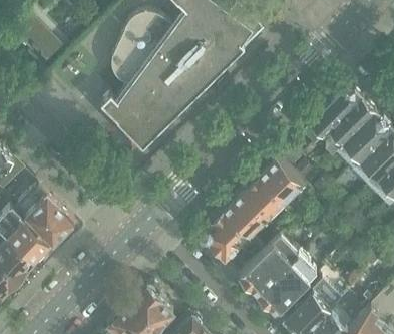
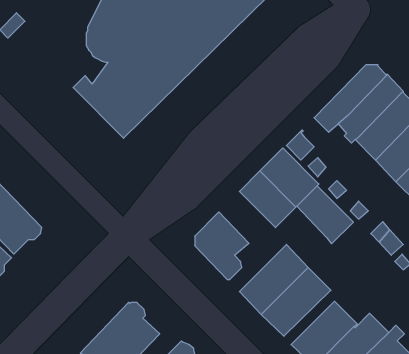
building: [221,193,268,241] -> [297,186,353,244]

